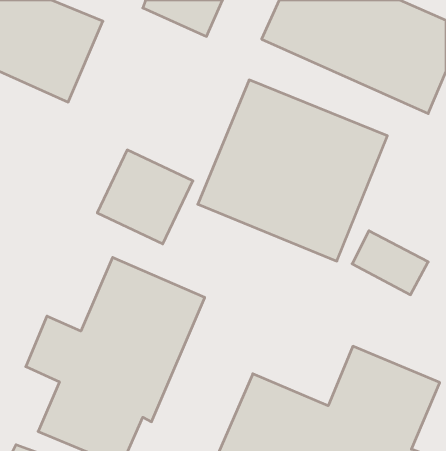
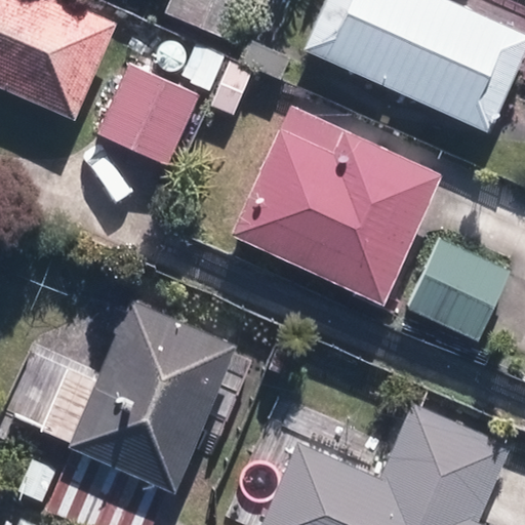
building: [97,150,193,244] -> [95,59,206,168]

